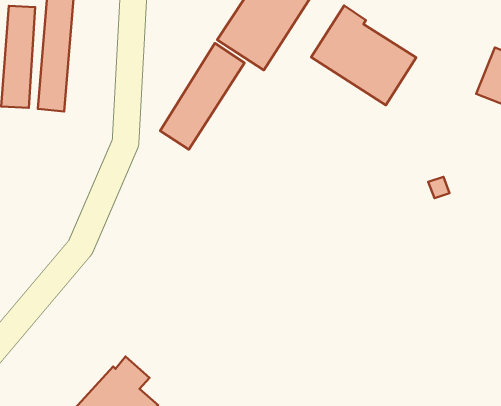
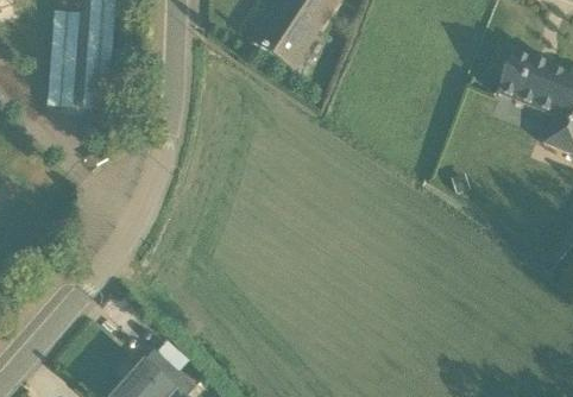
building: [311,5,416,105] -> none
building: [160,43,244,149] -> none

